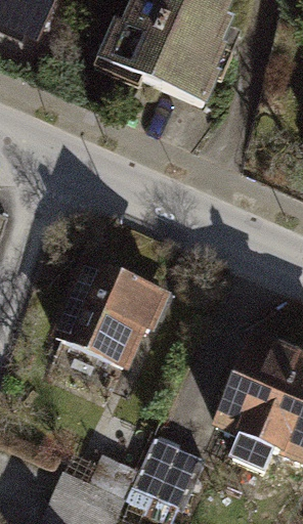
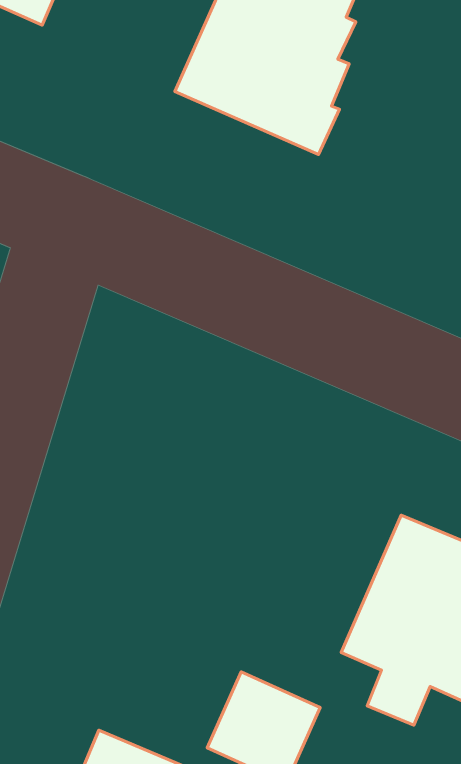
building: [60,263,166,360] -> none

